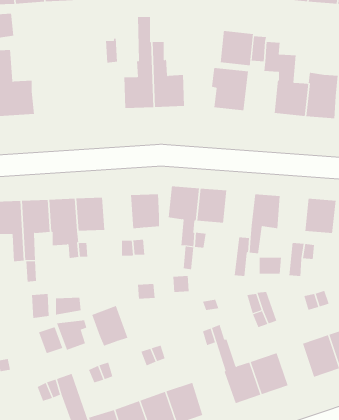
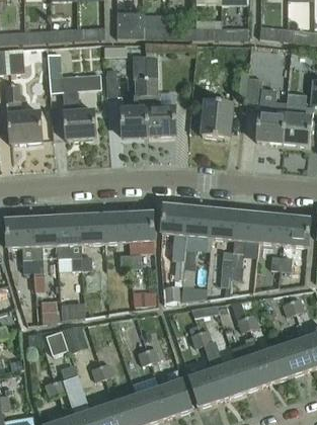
building: none -> [48,52,101,138]
building: [220,30,254,66] -> none
building: none -> [211,207,238,239]
building: none -> [103,211,130,243]
building: none -> [259,212,286,244]
building: [91,305,128,346] -> none
building: none -> [258,344,291,381]
building: none -> [188,369,221,406]

